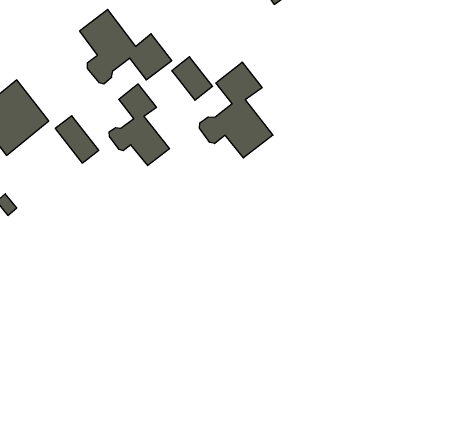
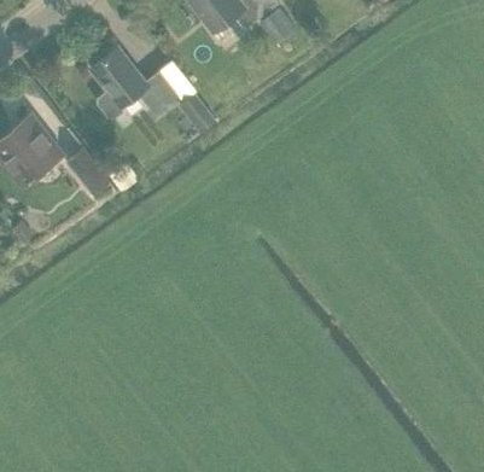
building: [200,62,273,158] -> none
building: [109,84,169,166] -> none

